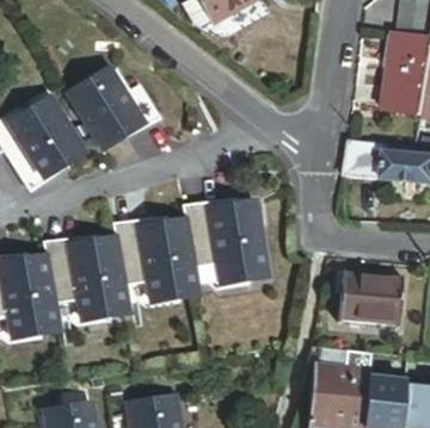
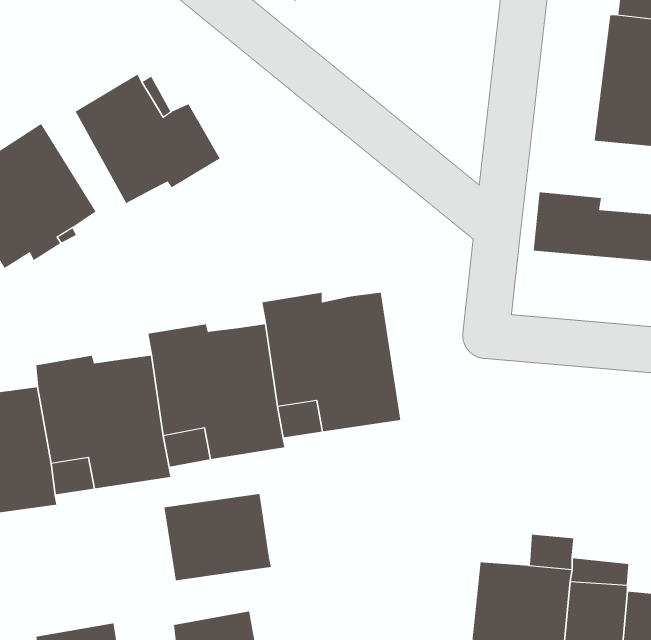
building: [339,269,403,322] -> none
building: none -> [164,493,272,581]

